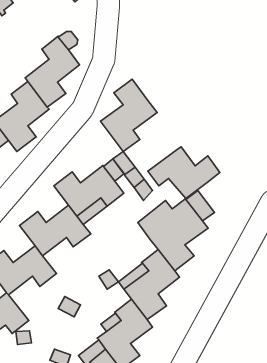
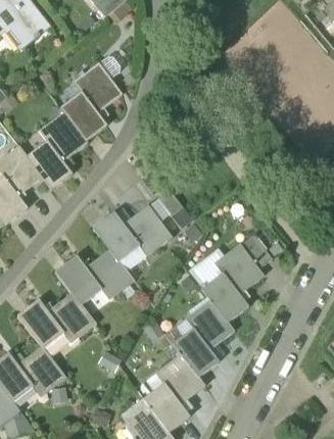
building: [100,79,157,152] -> none
building: [148,147,220,199] -> none

